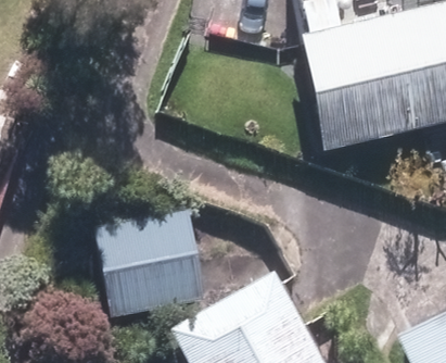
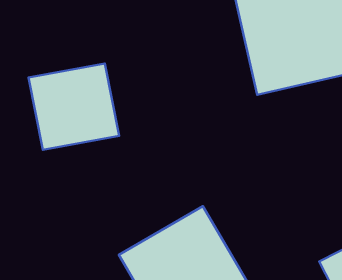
building: [101,213,204,312] -> [28,63,119,150]

